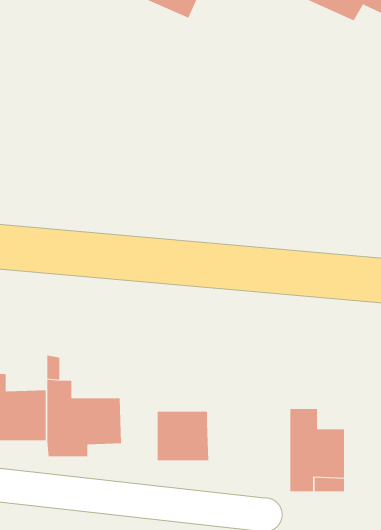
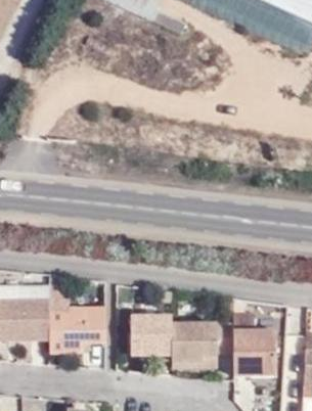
building: none -> [170,323,232,368]

